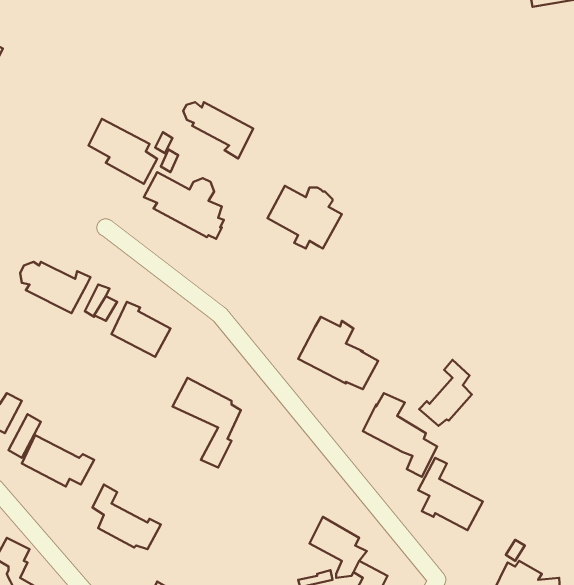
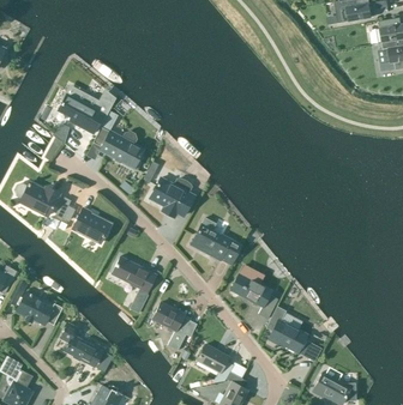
building: [183,102,253,158] -> none
building: [268,186,342,249] -> [150,177,197,217]
building: [419,360,472,426] -> none
building: none -> [152,303,190,351]

